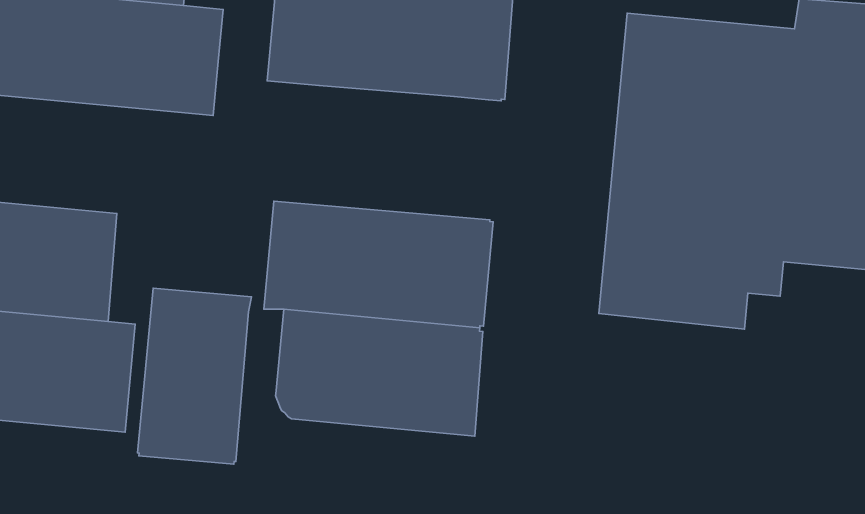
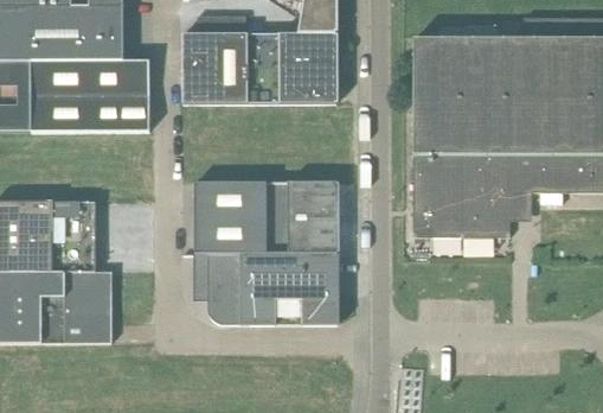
building: [138,288,251,464] -> none

